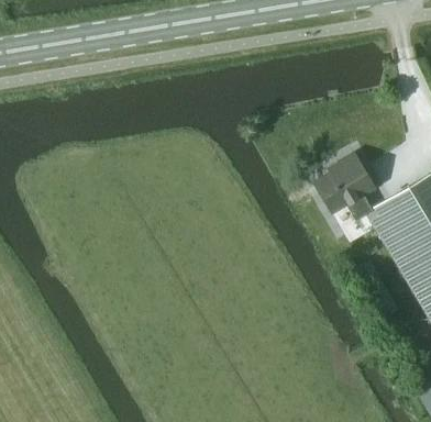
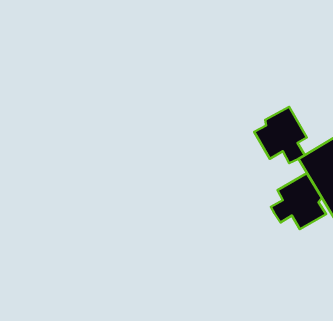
building: none -> [271,173,326,229]

